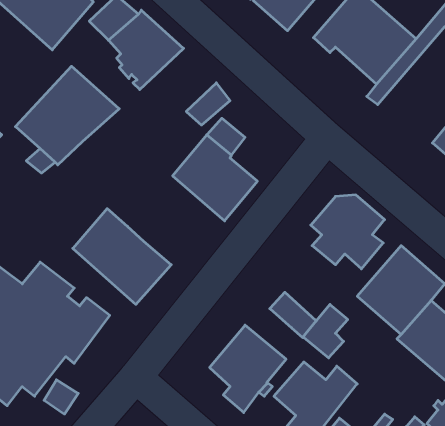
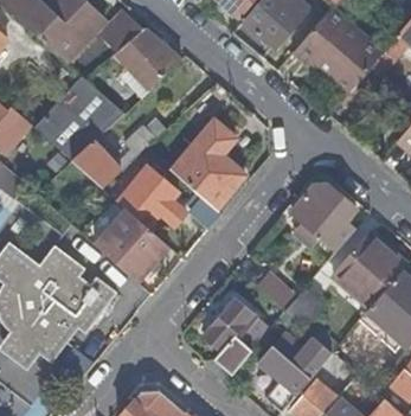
building: none -> [71,126,155,190]
building: none -> [124,166,178,228]

